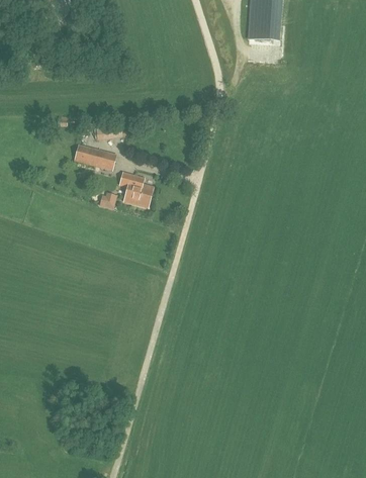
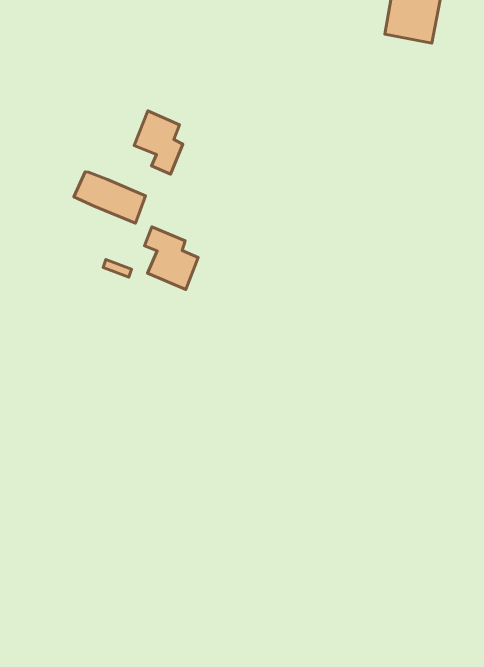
building: none -> [134,111,183,174]

